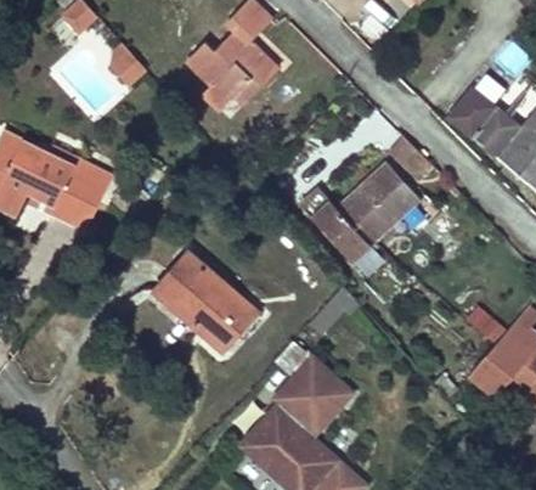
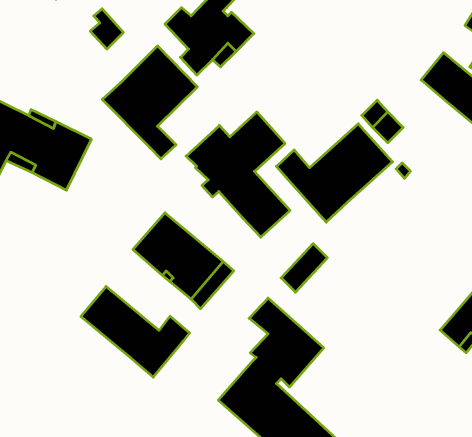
building: none -> [102,46,197,159]
building: none -> [186,112,290,237]
building: none -> [81,286,190,377]

